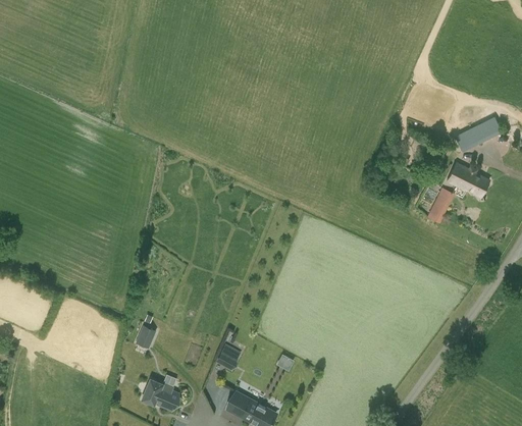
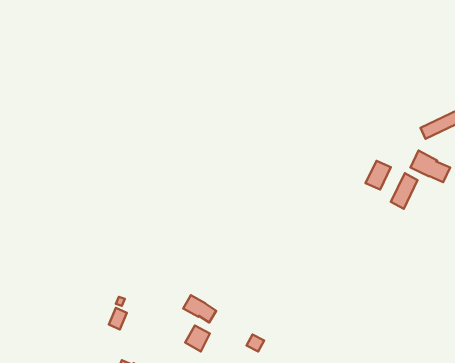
building: none -> [366,161,391,190]
building: none -> [183,295,216,322]

